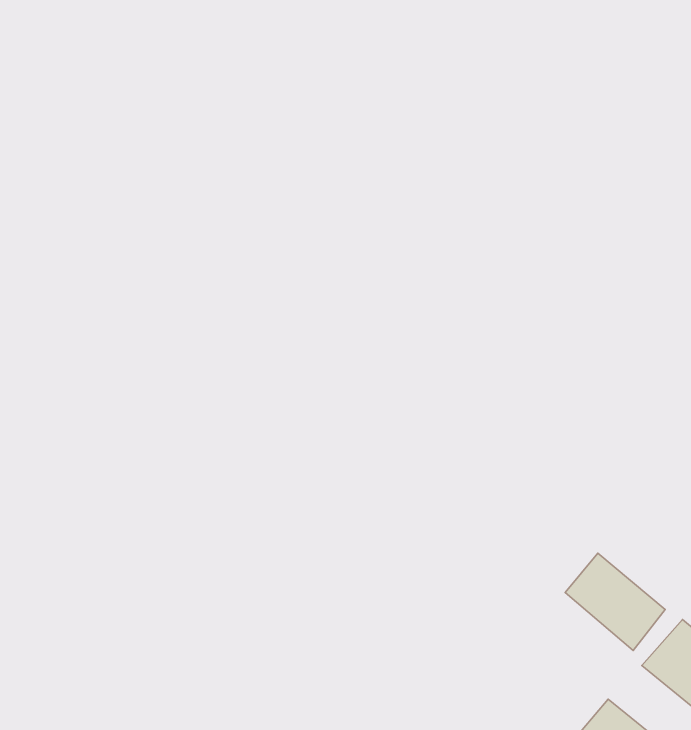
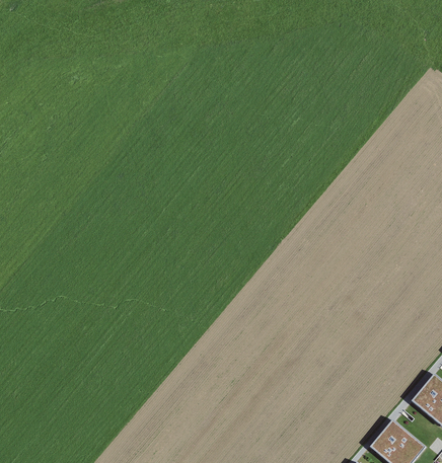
building: [565,553,665,651] -> none

